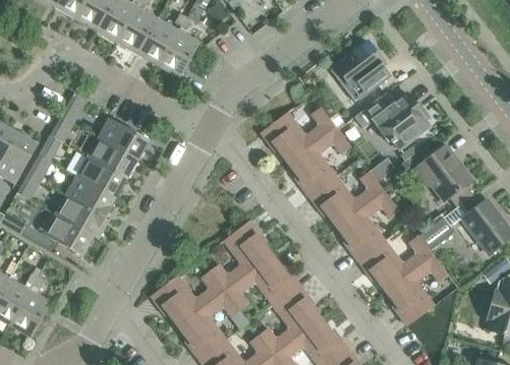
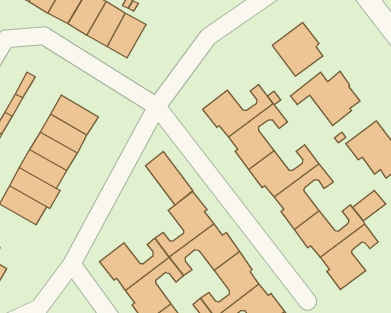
building: none -> [145,151,193,205]

